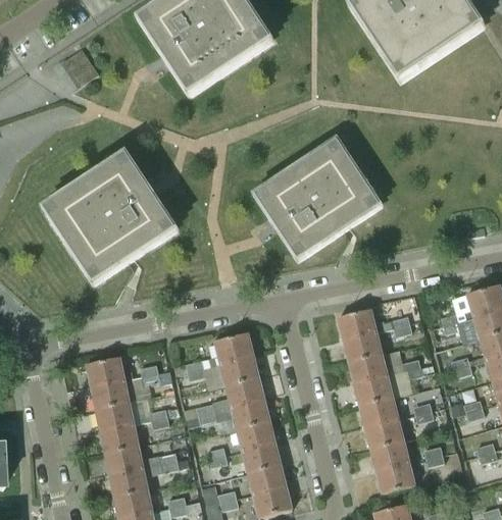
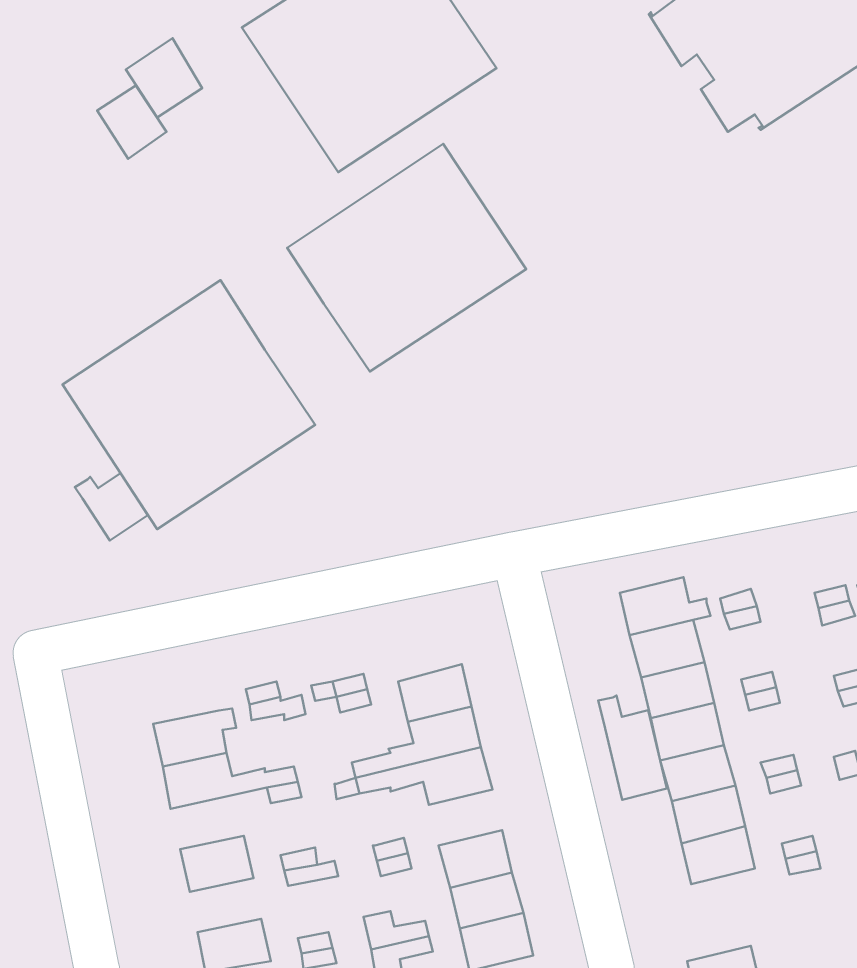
building: none -> [126,38,202,117]
building: [254,140,381,260] -> [287,144,526,371]
building: none -> [75,473,148,541]
building: [214,333,254,365] -> none
building: [87,358,133,387] -> none
building: none -> [598,696,667,800]
building: [237,422,275,452] -> none
building: [100,425,139,454] -> none
building: [375,464,415,495] -> none
building: [110,469,148,498] -> none

